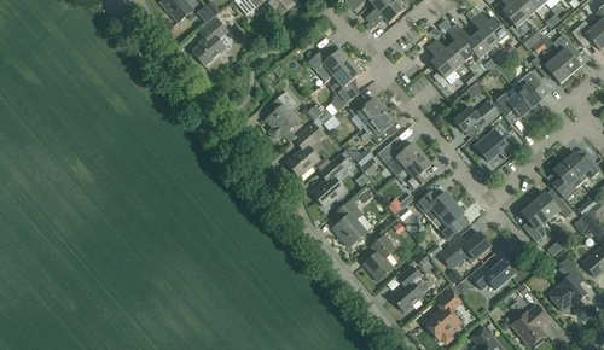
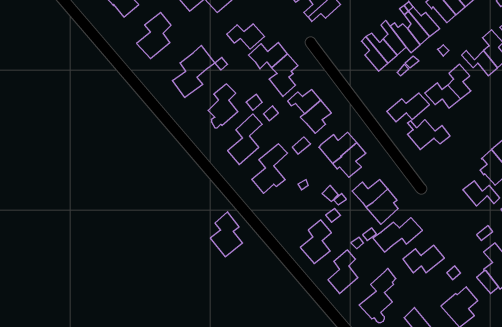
building: none -> [227,24,265,49]
building: none -> [172,45,215,98]
building: [332,199,366,246] -> [210,212,243,257]
building: [521,203,547,243] -> none

